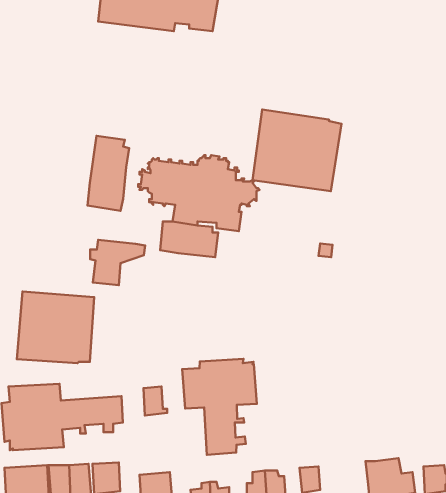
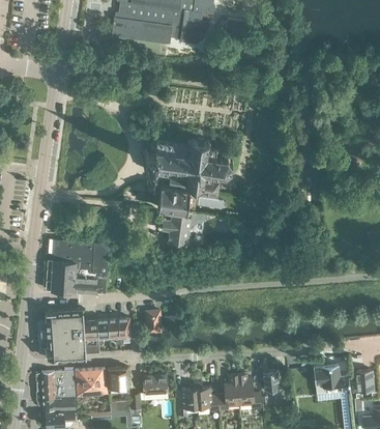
building: [252,110,341,191] -> none
building: [87,136,129,211] -> none
building: [90,240,145,285] -> [166,209,207,244]
building: [182,359,257,455] -> none

